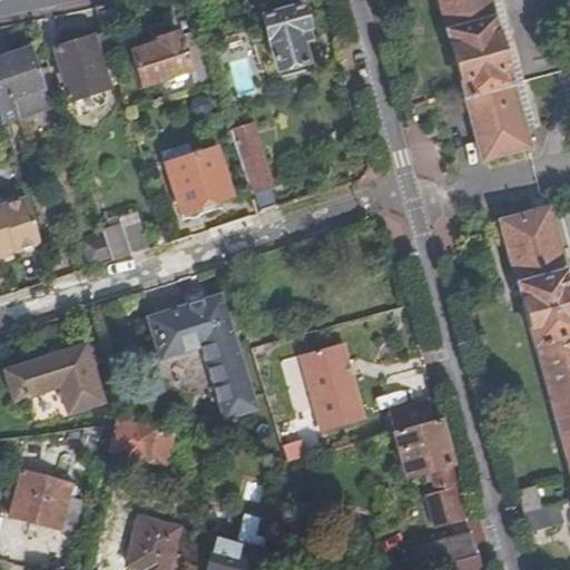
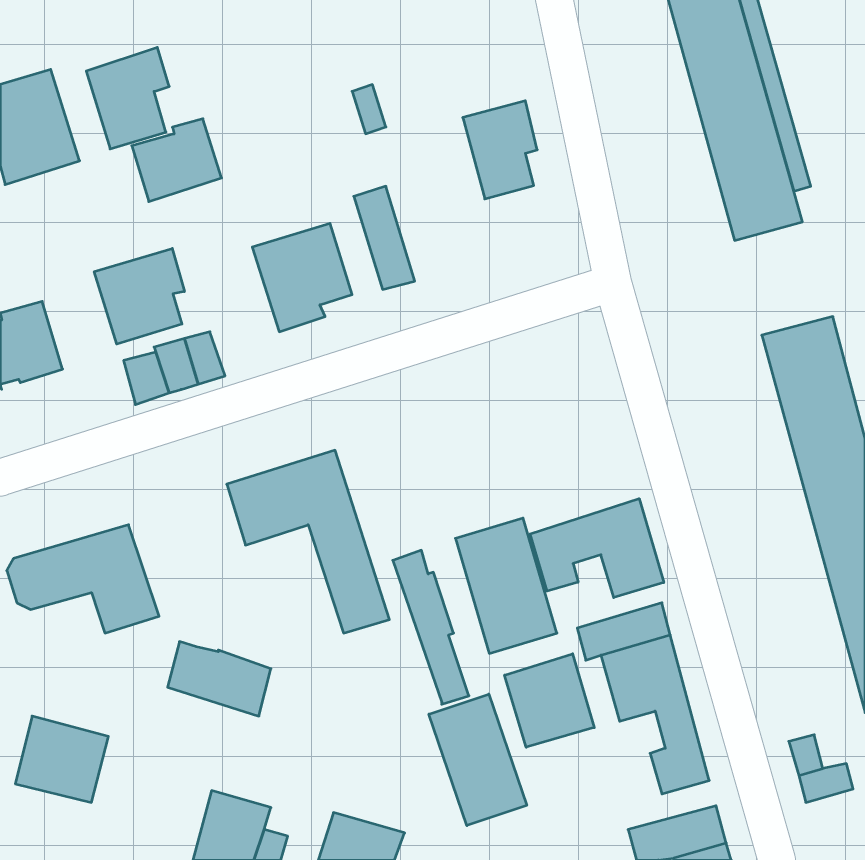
building: [264,6,313,70] -> [463,101,537,199]
building: [132,31,191,86] -> [132,119,222,202]
building: none -> [94,248,184,344]
building: none -> [530,499,664,598]
building: none -> [505,654,594,747]
building: none -> [429,694,527,826]

